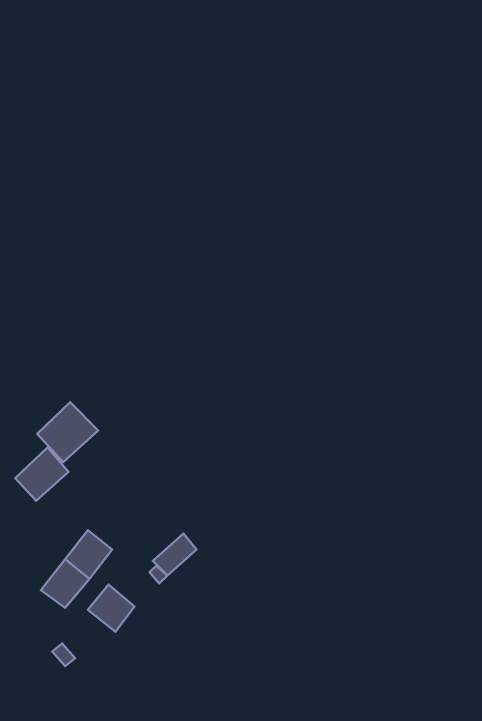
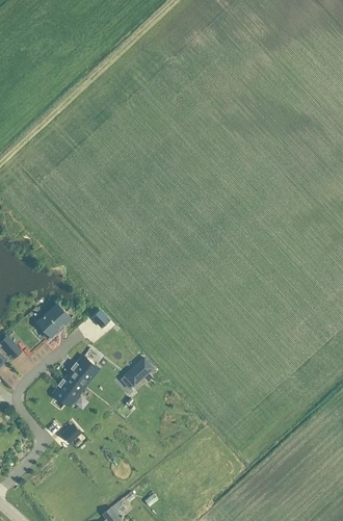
building: [37,402,98,462] -> none
building: [88,585,134,632] -> none

